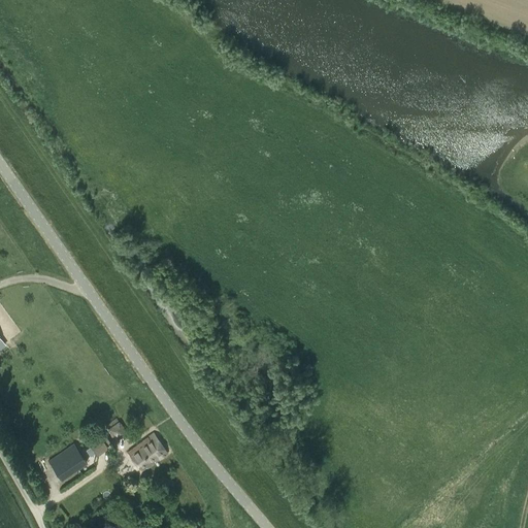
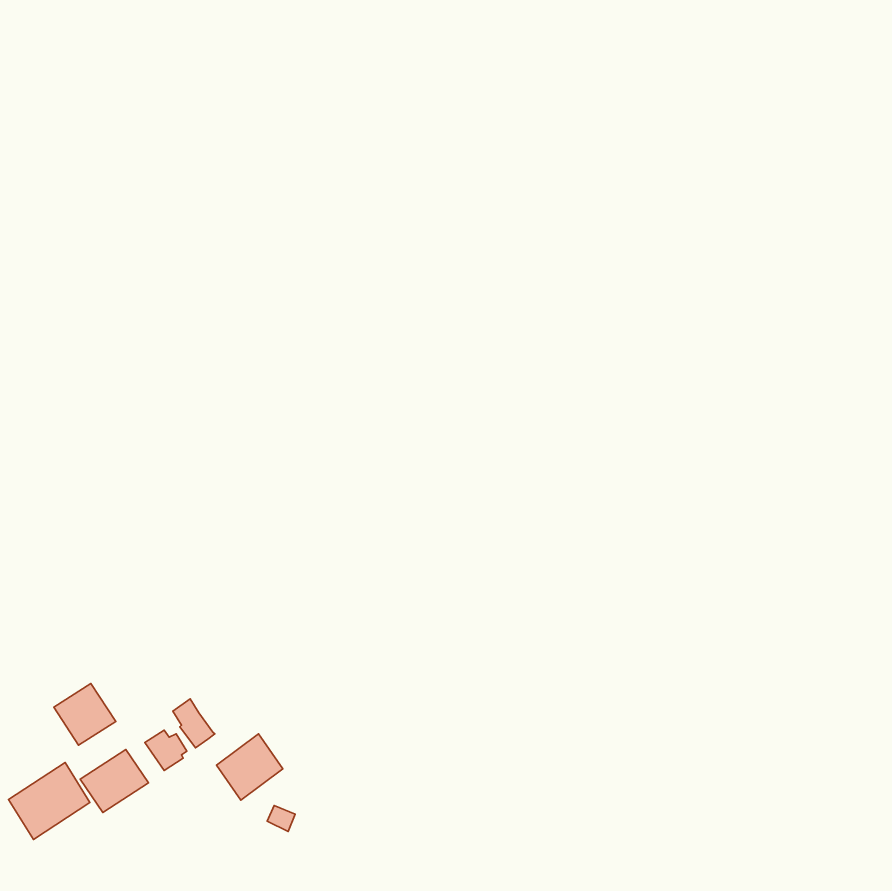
building: none -> [54,684,116,745]
building: none -> [8,762,90,840]

